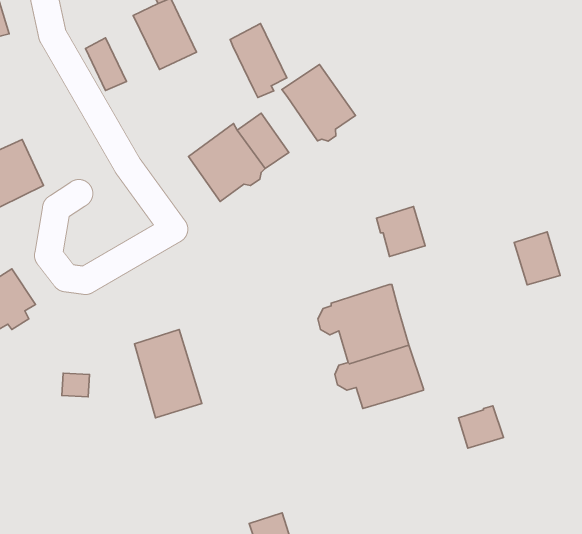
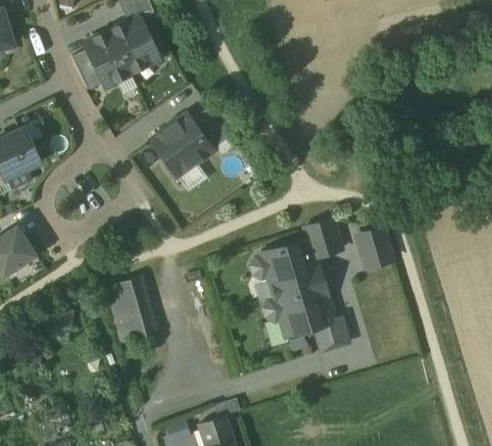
building: [230,24,287,98] -> [85,32,129,89]
building: [282,65,355,141] -> none
building: [376,206,425,257] -> [303,219,341,258]
building: [514,232,560,285] -> [355,228,391,268]
building: [458,406,503,448] -> [313,318,348,351]

